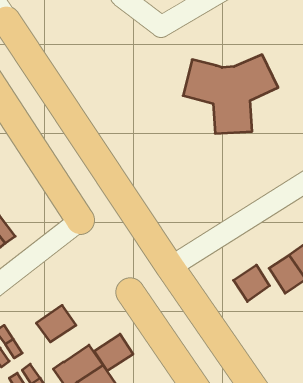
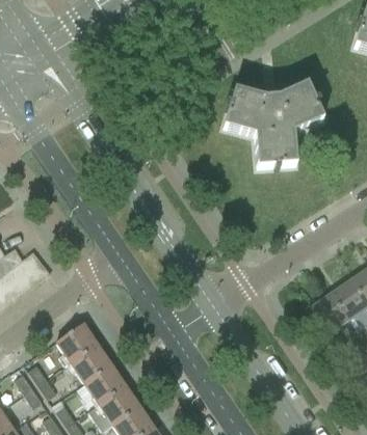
building: [233,265,270,302] -> none
building: none -> [56,322,98,365]
building: [94,334,133,371] -> [85,364,126,403]

